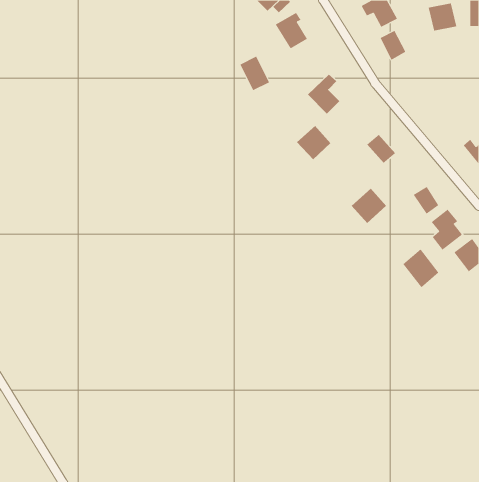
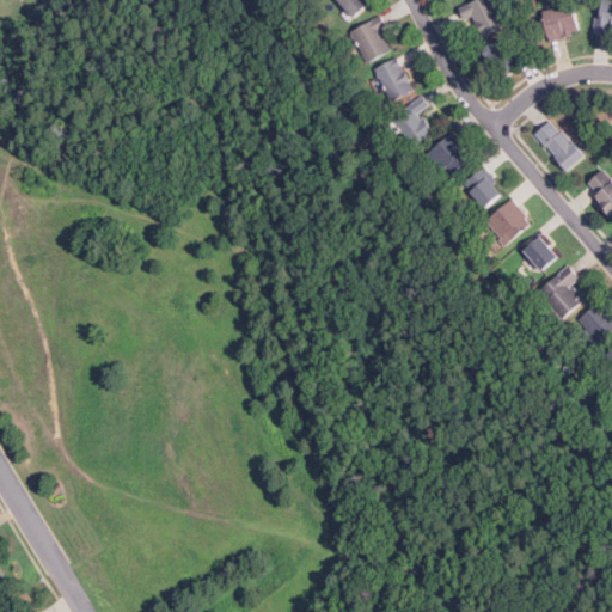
building: [239,56,270,91] -> [373,57,411,102]
building: none -> [532,120,583,171]
building: [296,125,331,160] -> [426,131,470,176]
building: [351,188,387,224] -> [484,200,530,245]
building: [403,249,439,288] -> none

